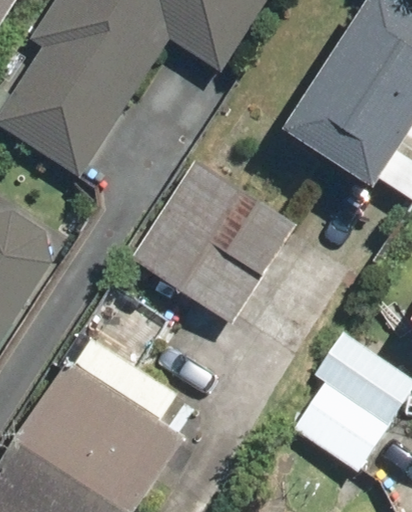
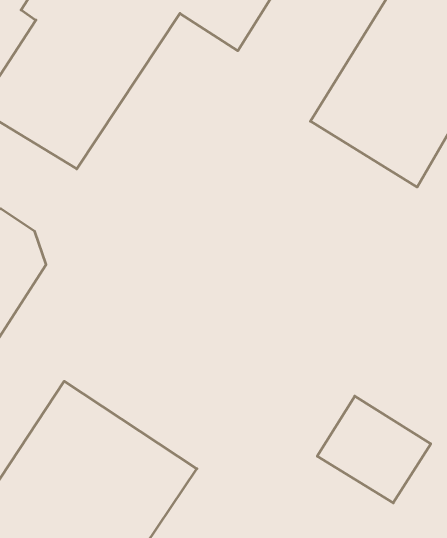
building: [130,157,296,321] -> none

